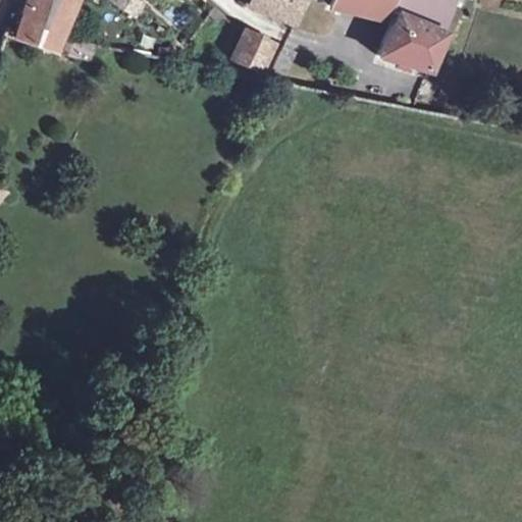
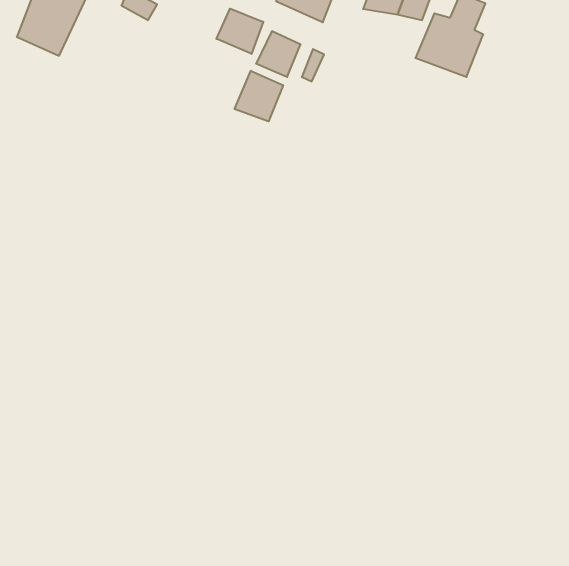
building: none -> [216,9,263,54]
building: none -> [235,71,283,121]

